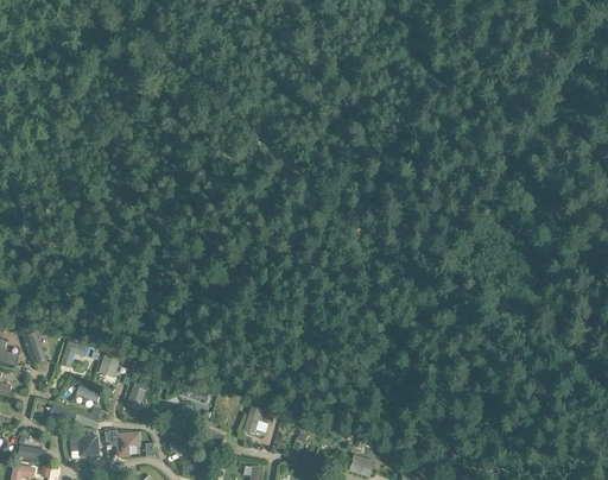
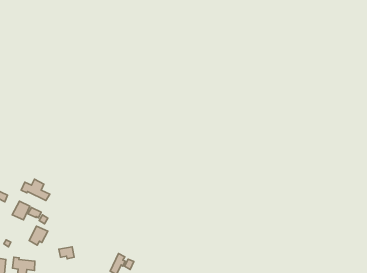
building: none -> [21,179,50,201]

